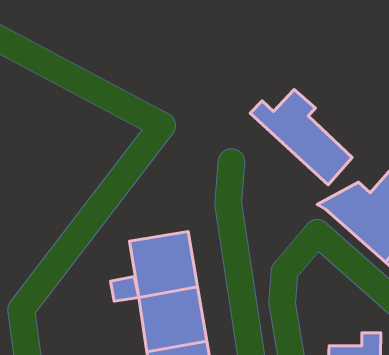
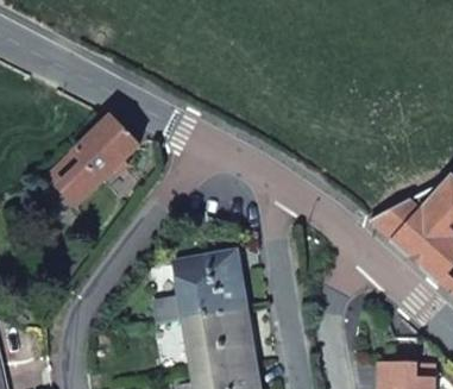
building: [250,90,352,185] -> none
building: none -> [57,112,140,202]

